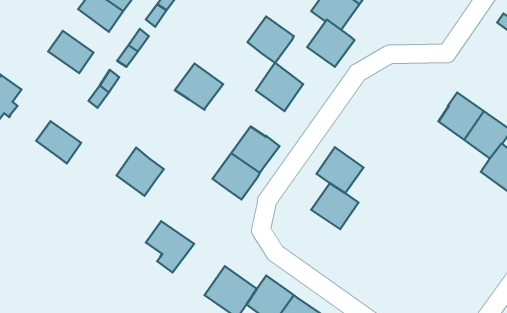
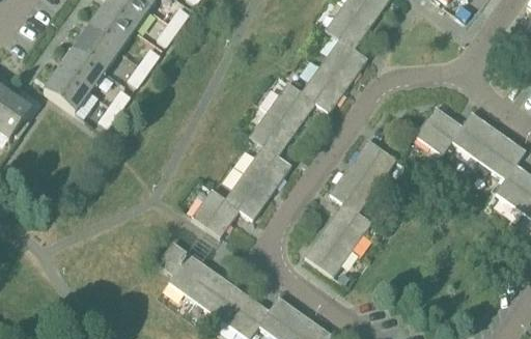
building: none -> [73,27,119,70]
building: [248,16,294,63] -> [301,65,347,112]
building: [175,63,223,110] -> [248,109,297,156]
building: none -> [415,106,463,154]
building: none -> [347,138,396,187]
building: [36,121,81,163] -> [44,69,89,112]
building: [117,148,164,196] -> [192,188,240,236]
building: none -> [305,229,353,276]
building: none -> [184,263,236,315]

